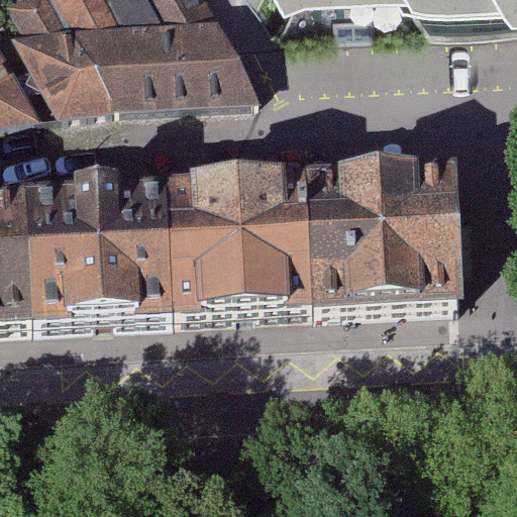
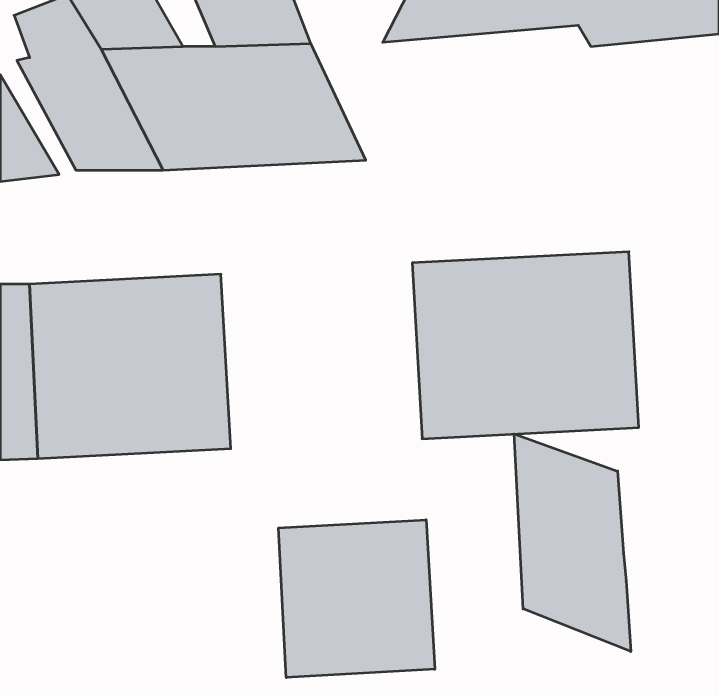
building: [159,189,303,322] -> none
building: none -> [514,434,631,652]
building: none -> [279,520,435,678]

